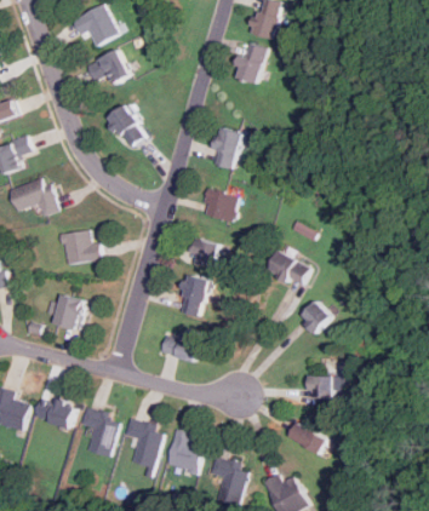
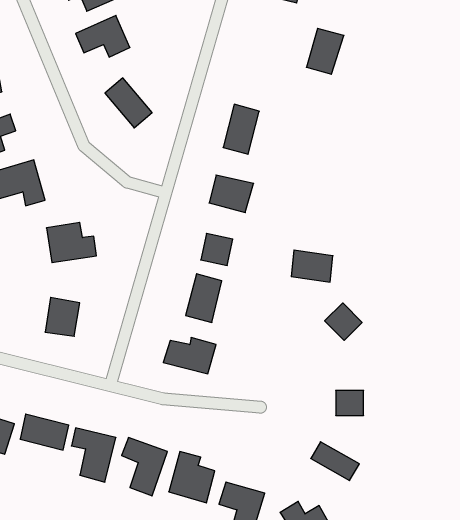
building: [236,44,269,84] -> [306,28,344,74]

